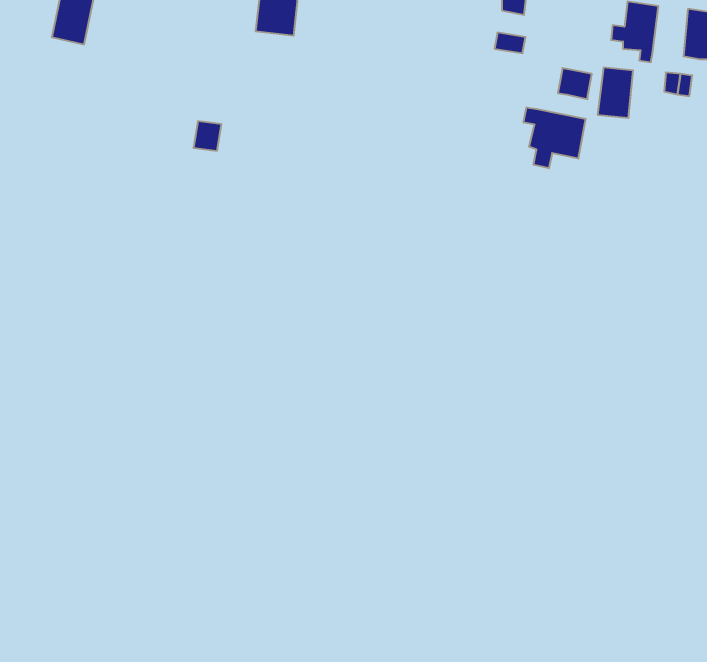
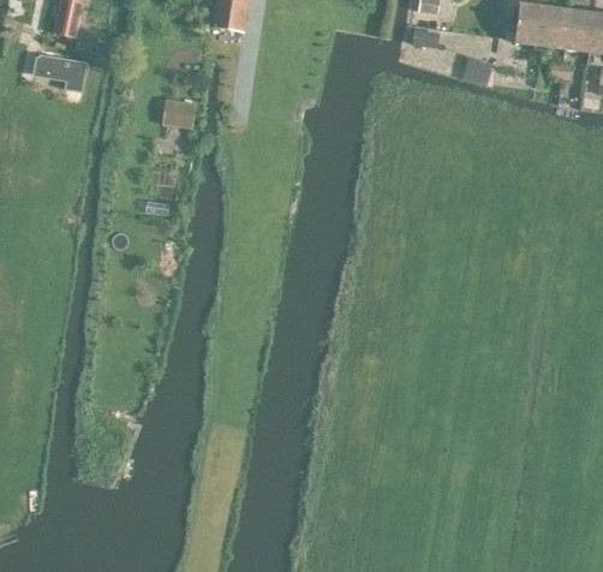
building: none -> [31,52,85,90]
building: [598,68,633,118] -> [539,7,568,48]
building: [524,107,586,168] -> none

